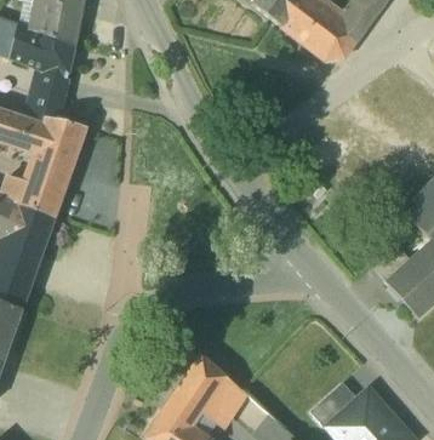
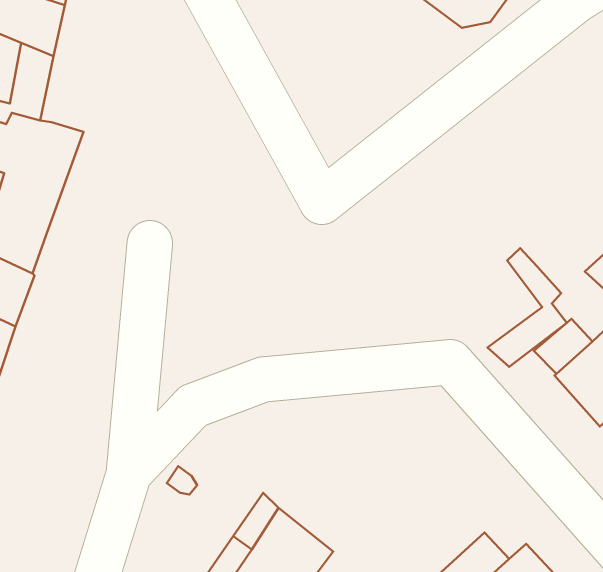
building: none -> [488,248,567,367]

